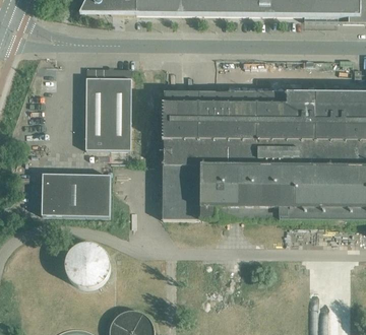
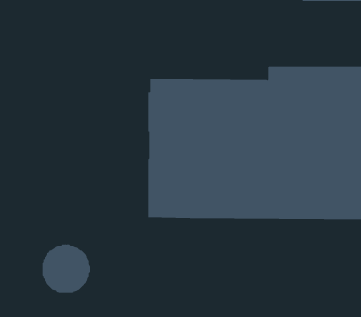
building: [85,66,130,148] -> none
building: [42,173,110,215] -> none

